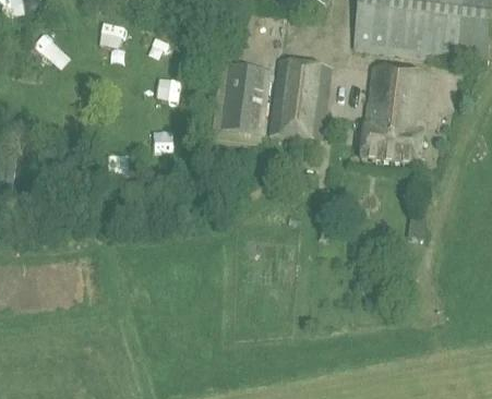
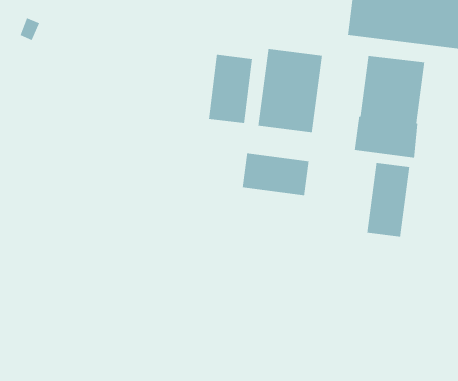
building: none -> [242,153,310,196]
building: none -> [367,162,410,237]

